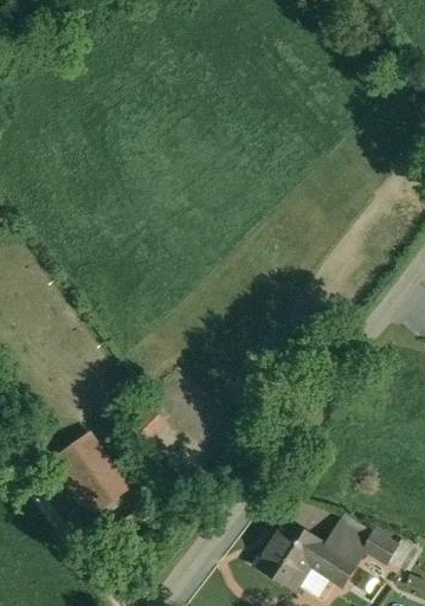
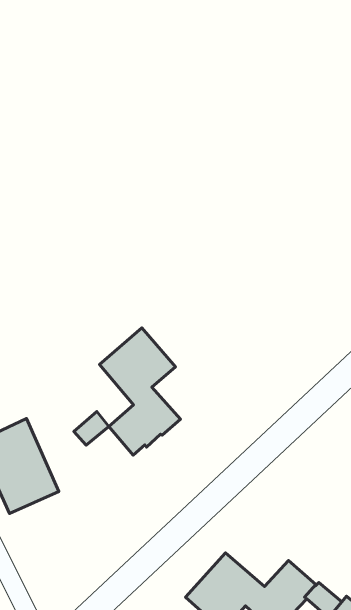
building: none -> [100,328,180,455]

